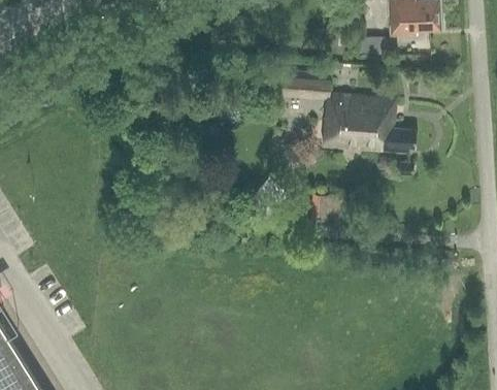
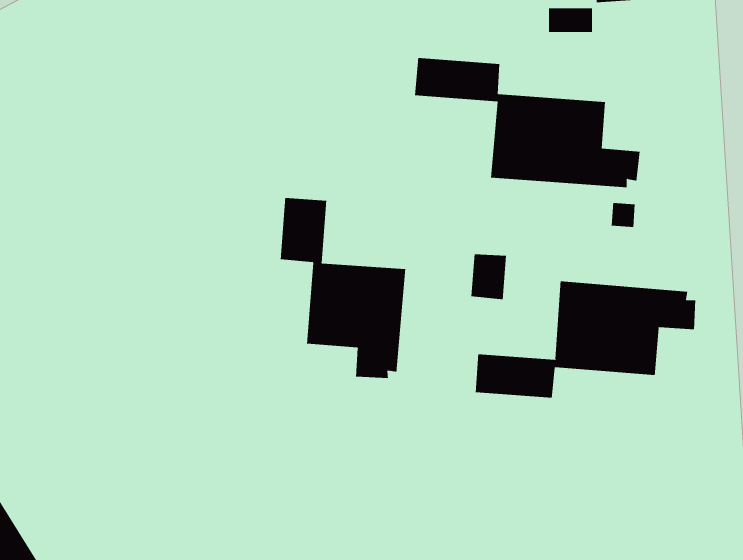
building: none -> [280,197,406,379]
building: none -> [475,281,696,399]

